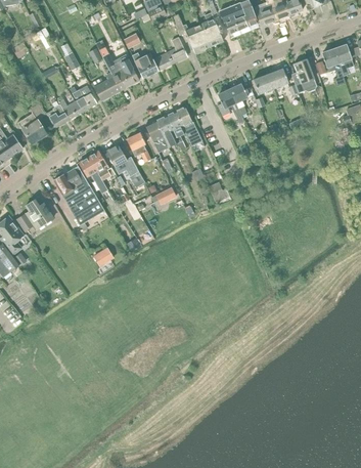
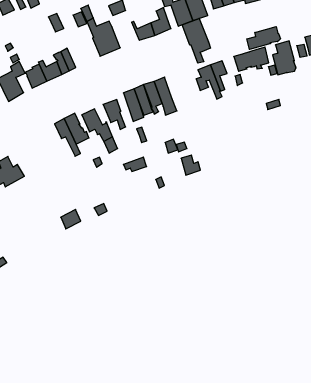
building: none -> [182,18,210,63]
building: none -> [247,27,280,49]
building: [132,51,156,79] -> none
building: [90,72,119,100] -> none
building: [53,166,104,225] -> none

